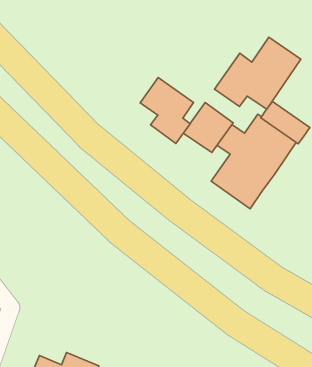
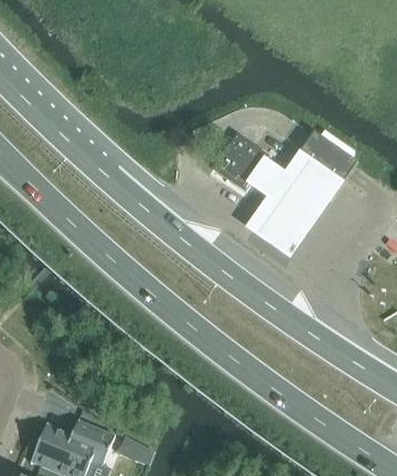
building: [214,37,301,109] -> none
building: [140,78,193,144] -> none

